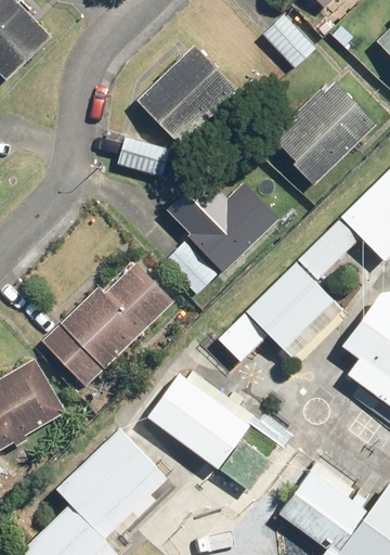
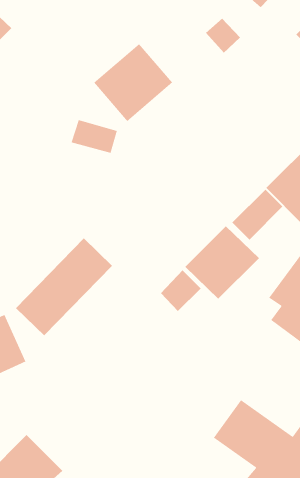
building: [274,95,365,186] -> none
building: [168,168,271,269] -> none
building: [148,371,251,464] -> none
building: [56,426,160,530] -> none

